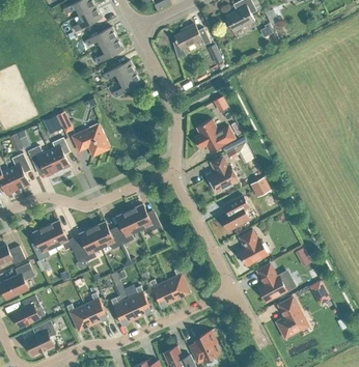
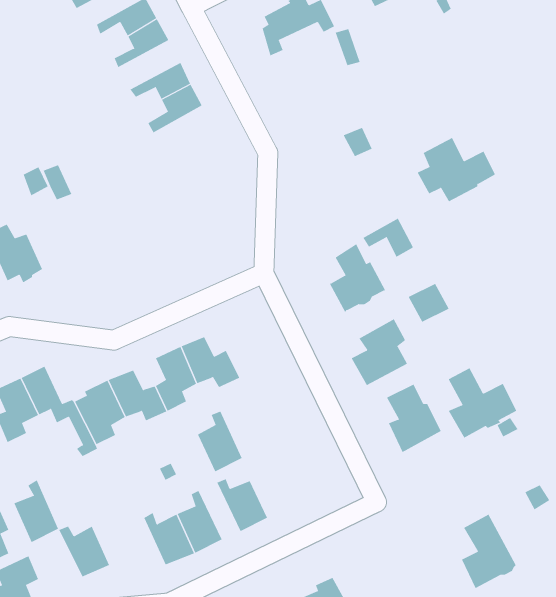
building: [193,118,234,152] -> [417,137,496,202]
building: [73,125,108,154] -> none
building: [49,137,70,169] -> none
building: [257,263,294,301] -> [448,367,517,438]
building: [166,267,190,300] -> [197,411,243,472]
building: [83,291,107,324] -> [14,480,59,543]

